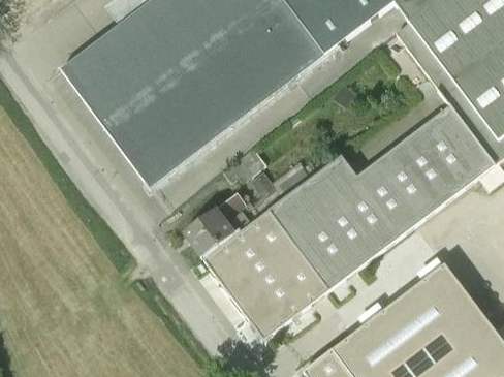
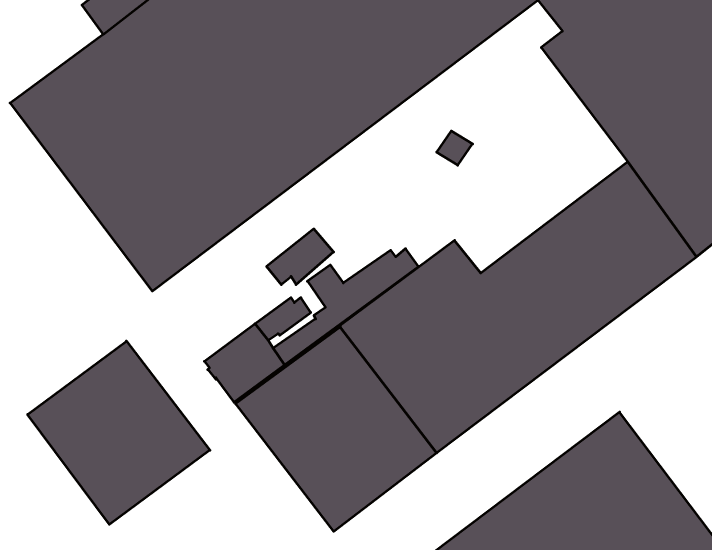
building: none -> [28,341,210,524]

